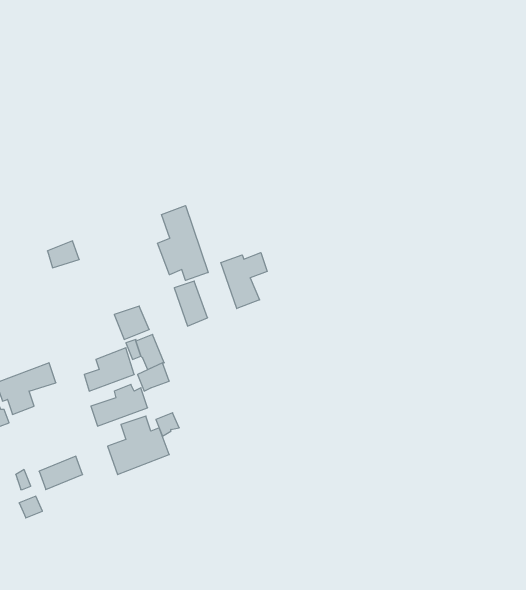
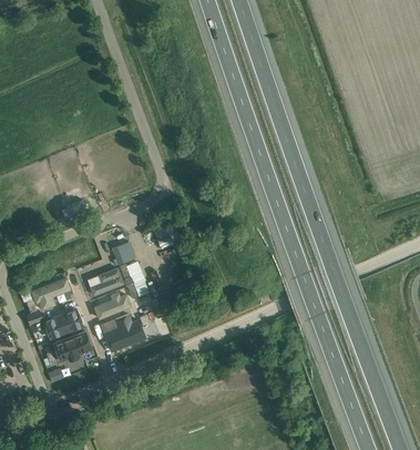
building: [158,206,208,280] -> none
building: [221,253,267,309] -> none
building: none -> [47,308,83,336]

